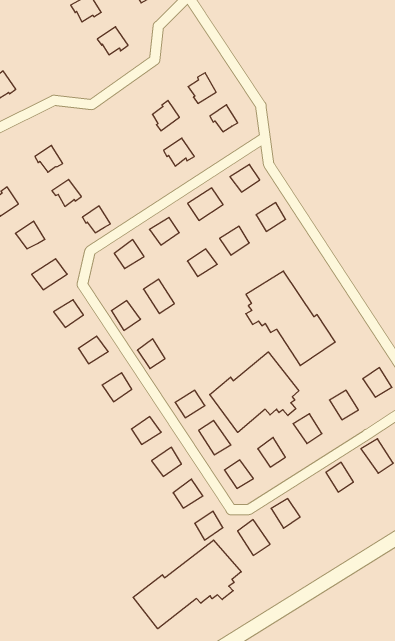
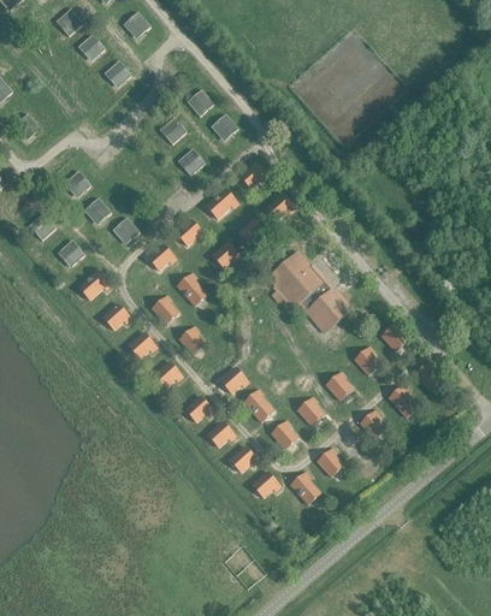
building: [210,352,299,432] -> none
building: [133,540,241,629] -> none

